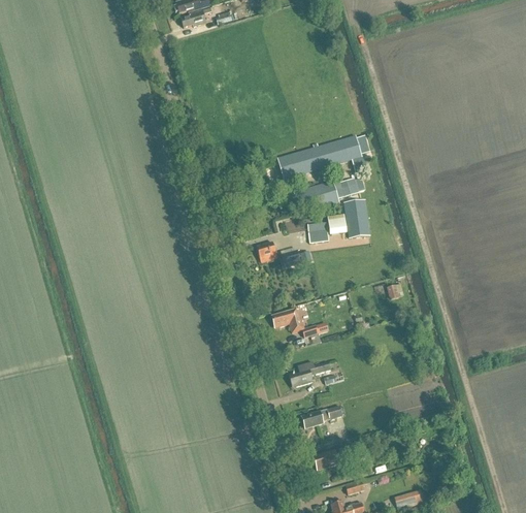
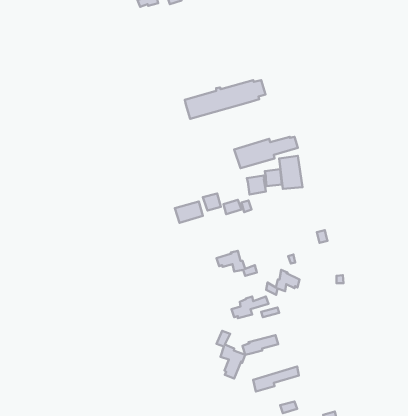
building: [276,135,369,180] -> [185,80,266,119]
building: none -> [175,202,203,223]
building: none -> [266,270,300,295]
building: none -> [217,331,245,379]

